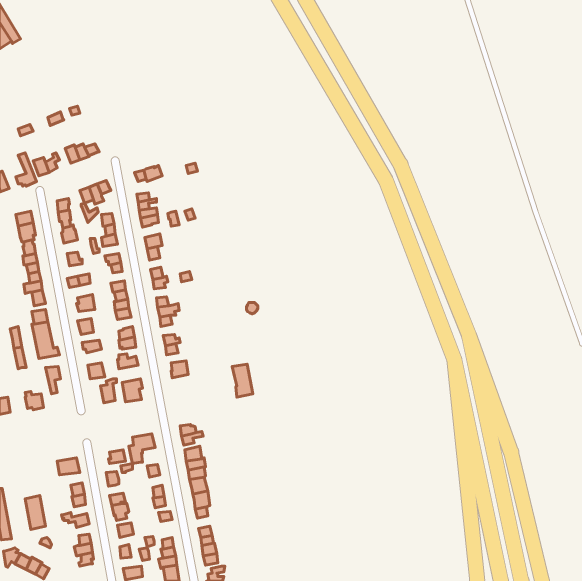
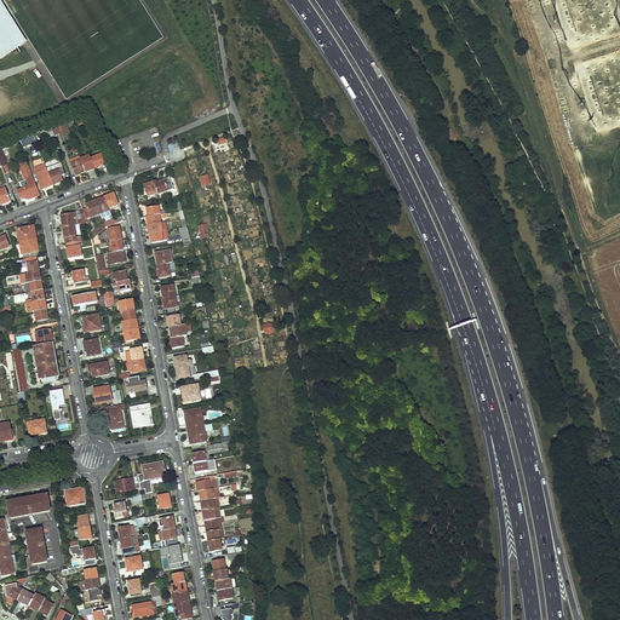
building: [232,364,253,397] -> [184,407,206,442]
building: none -> [5,492,50,516]

